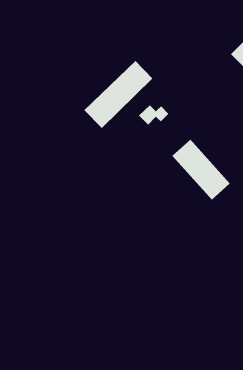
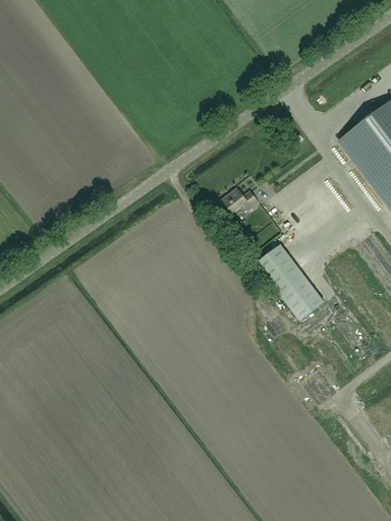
building: [83,60,153,129] -> none

